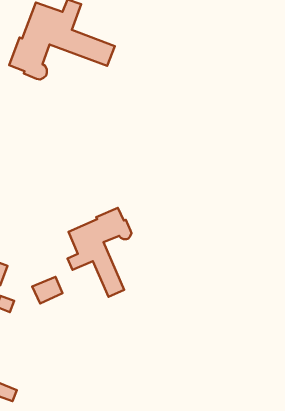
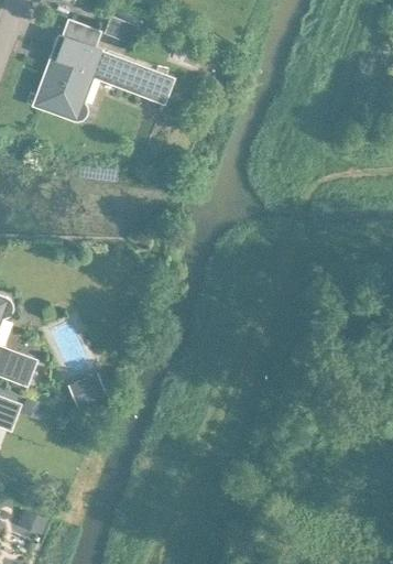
building: [68,208,132,297] -> none

